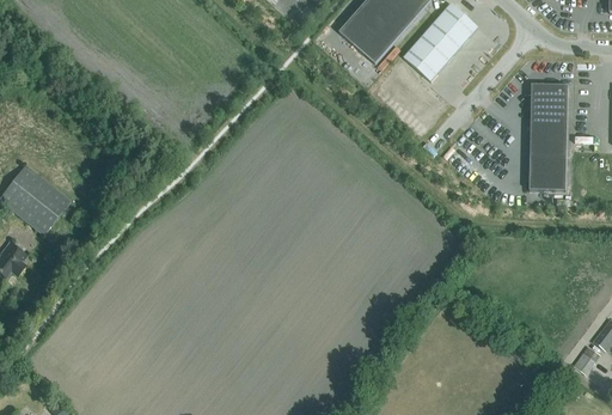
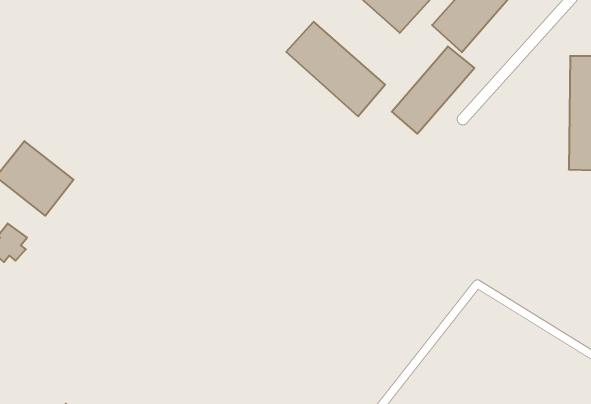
building: none -> [286,22,385,116]
building: none -> [392,46,474,134]

